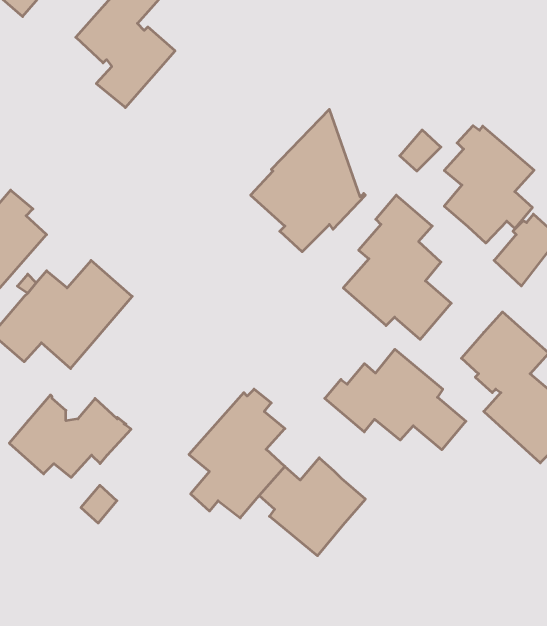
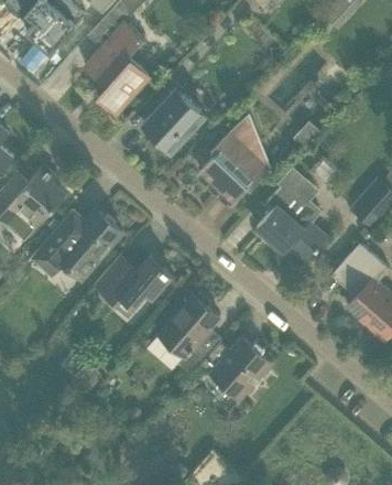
building: none -> [144,89,204,150]
building: [444,126,534,243] -> none
building: [325,349,466,450] -> none
building: [9,395,131,477] -> [94,254,172,306]

